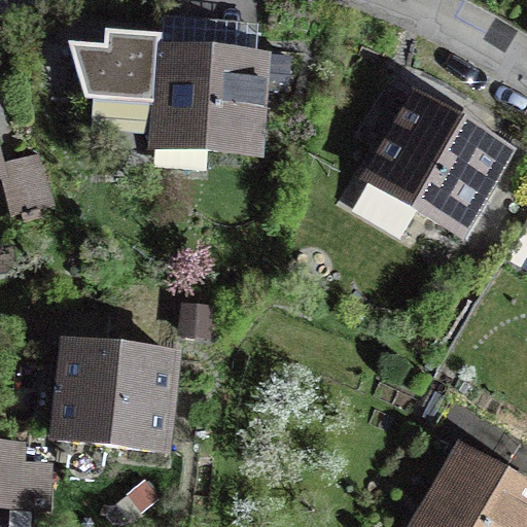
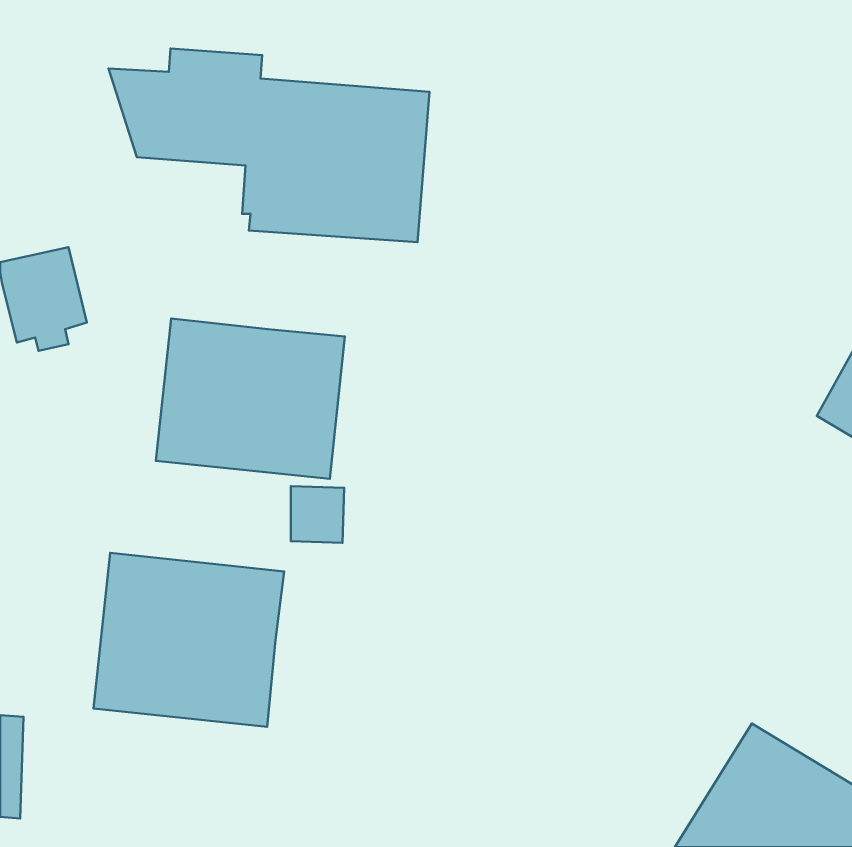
building: [370,96,510,232] -> none
building: none -> [156,318,345,479]

